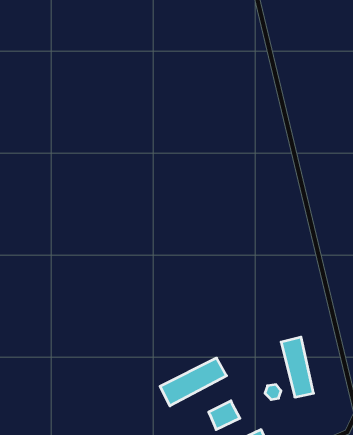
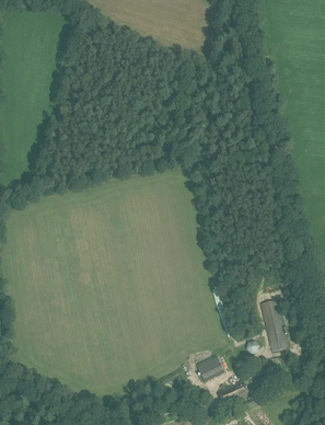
building: [160,358,227,406] -> none

